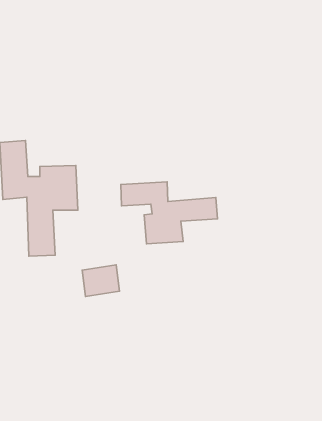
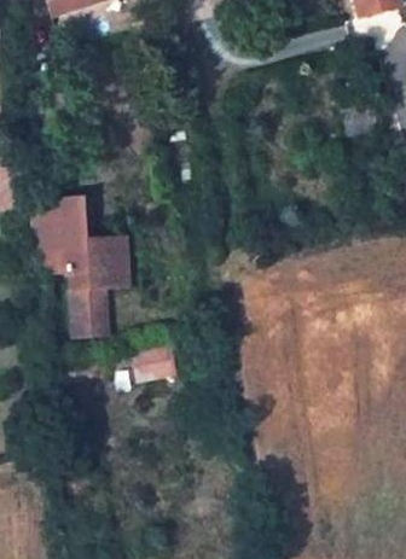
building: [121,182,217,244] -> none

